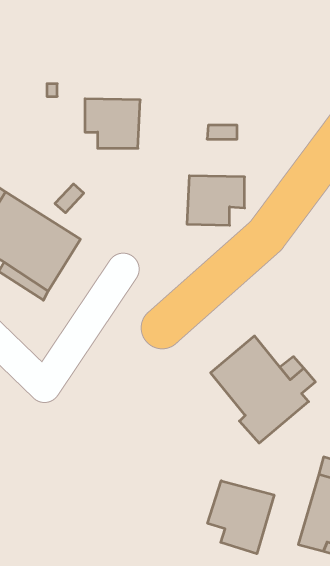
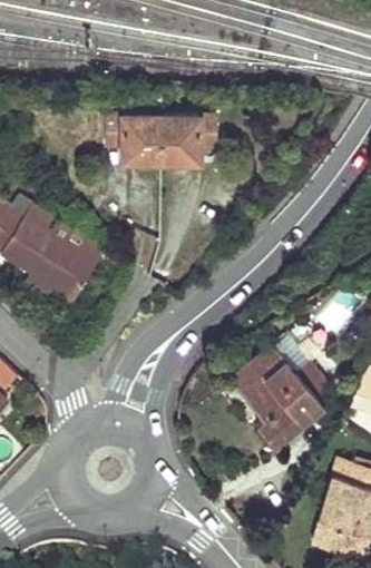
building: [187,176,245,225] -> [160,116,216,164]
building: [208,481,274,554] -> none

